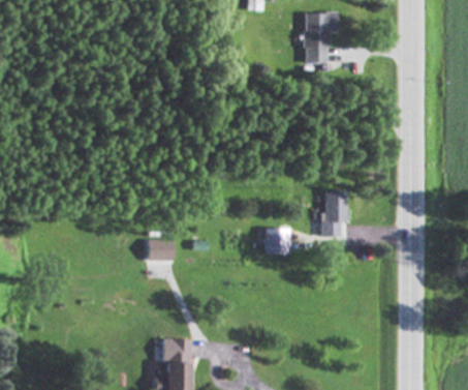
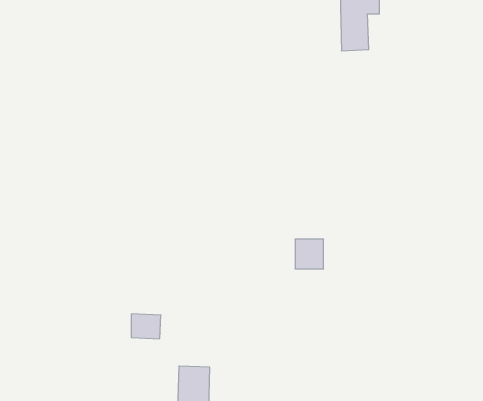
building: [322,190,346,236] -> none
building: [149,239,175,261] -> [131,314,161,339]

